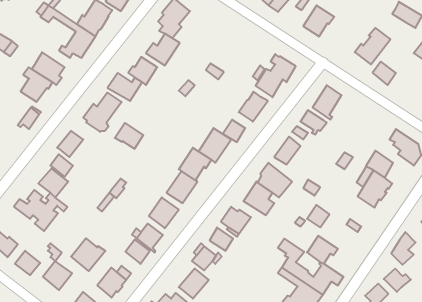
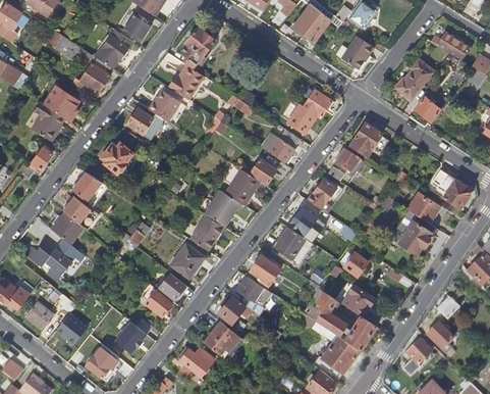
building: [115,123,143,149] -> none
building: [71,238,105,271] -> none

